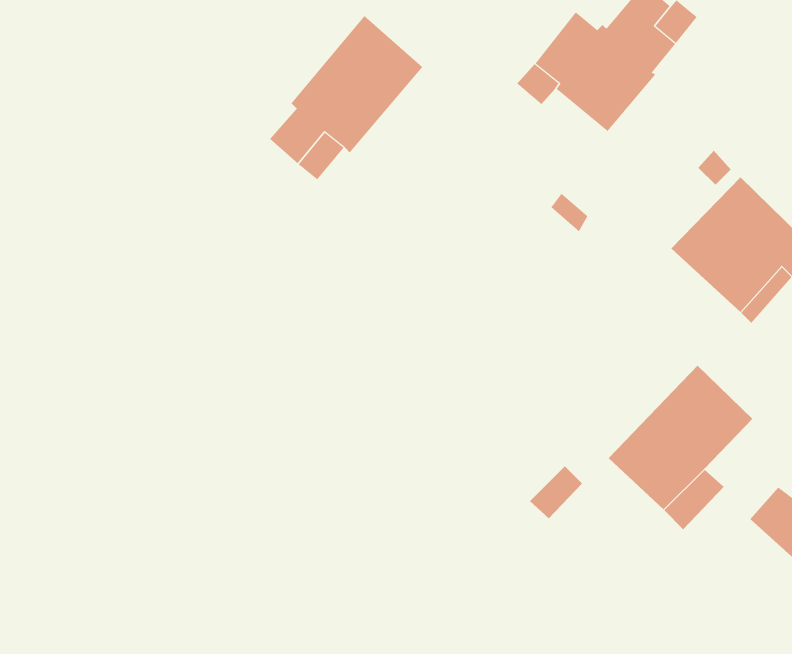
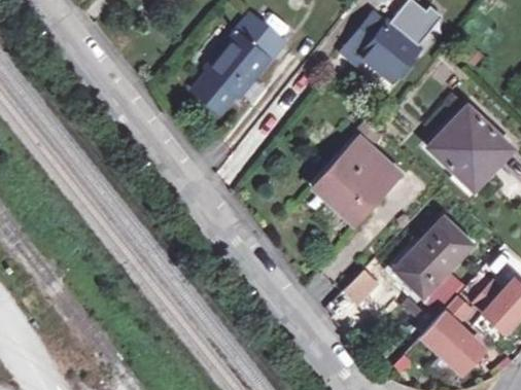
building: none -> [315,138,400,223]
building: none -> [422,297,484,373]

